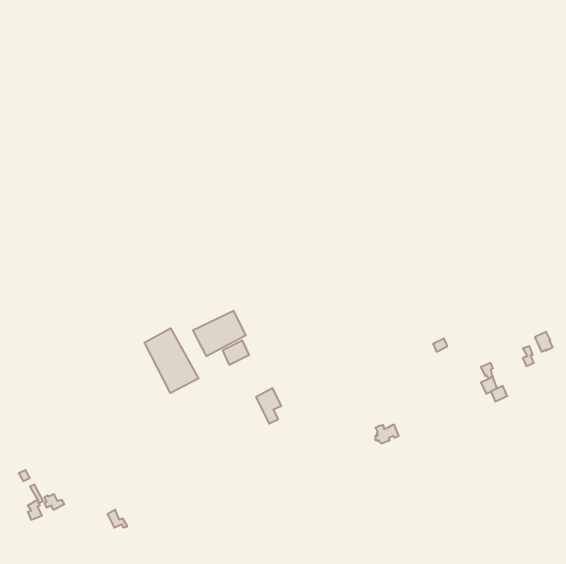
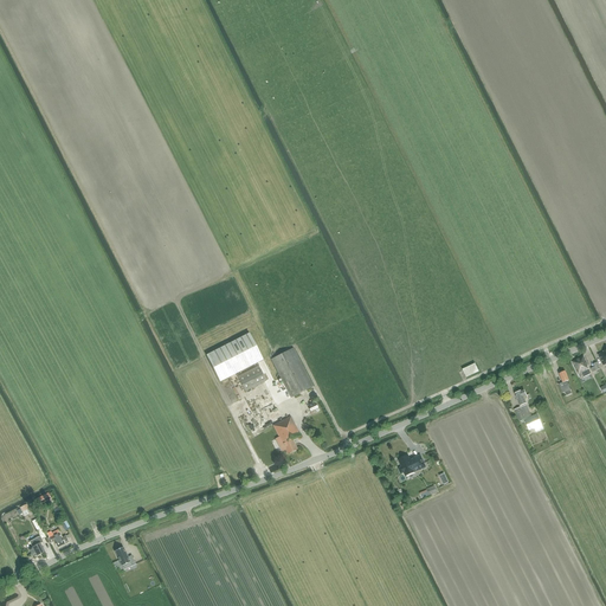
building: none -> [271,347,312,397]
building: [144,328,198,393] -> none

